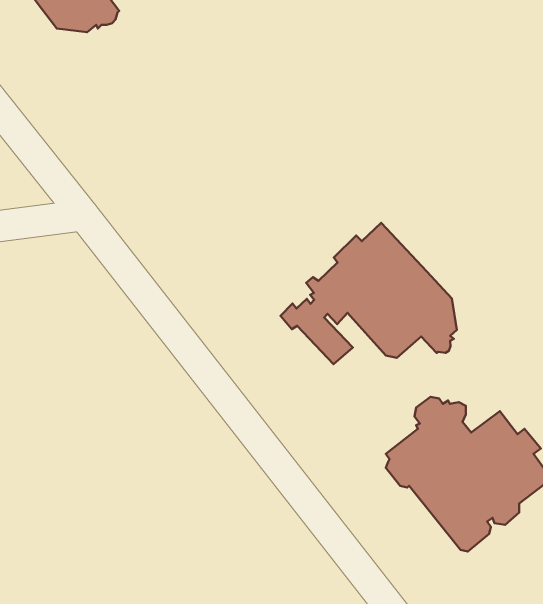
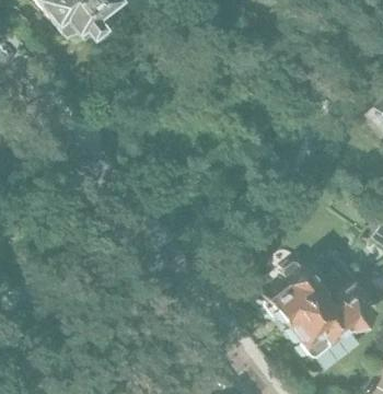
building: [280,223,457,364] -> none

